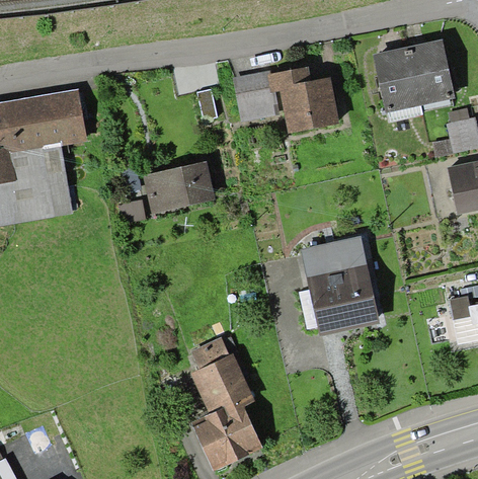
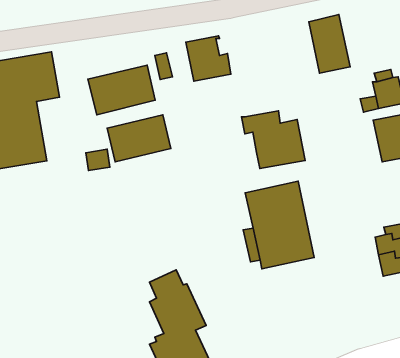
building: [407,38,455,105] -> none
building: [266,66,339,132] -> [241,111,305,168]
building: none -> [88,65,155,115]

